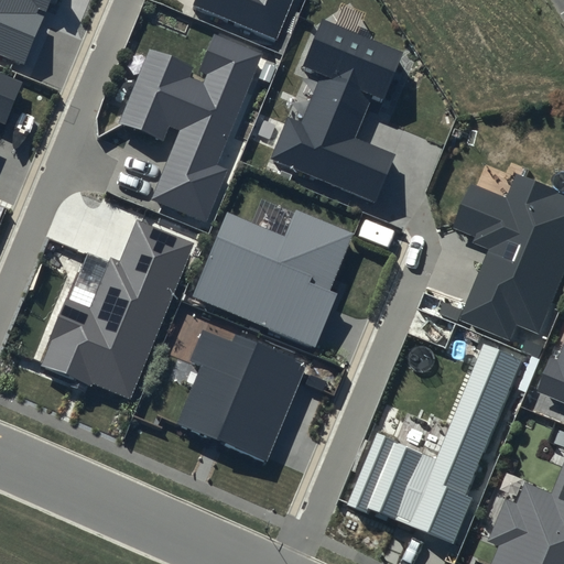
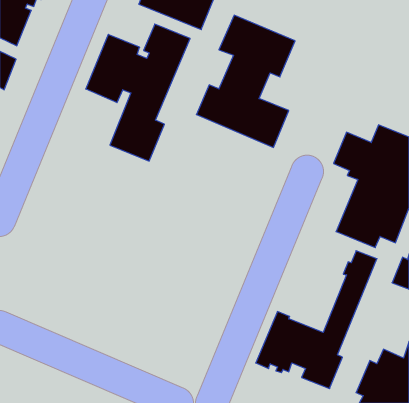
building: [192,213,352,348] -> none
building: [41,220,193,397] -> none
building: [176,330,307,463] -> none

